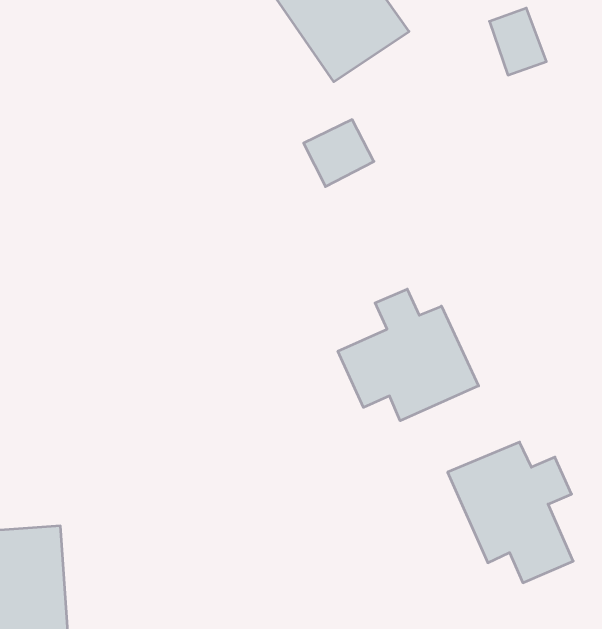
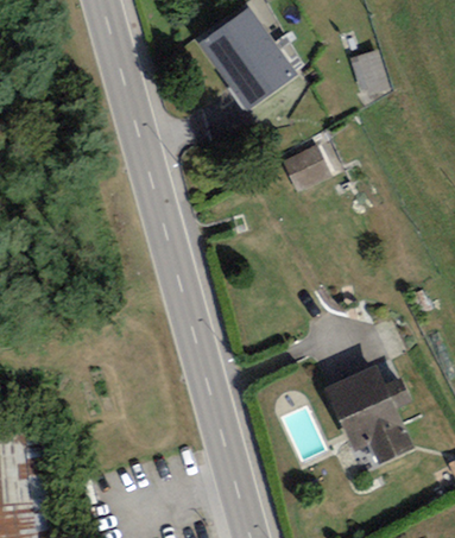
building: [304,120,374,187] -> [280,146,330,194]
building: [338,289,479,421] -> none

